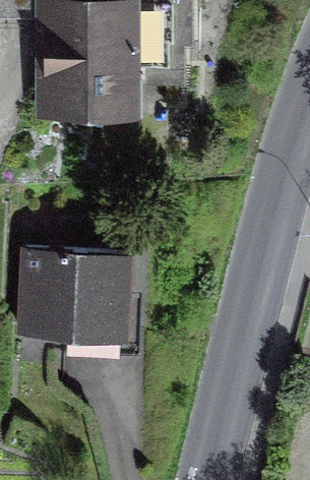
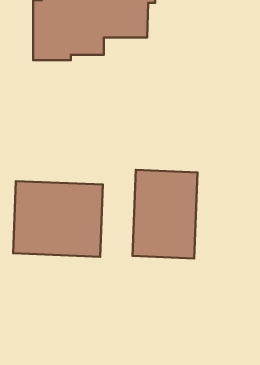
building: none -> [133,170,198,259]

